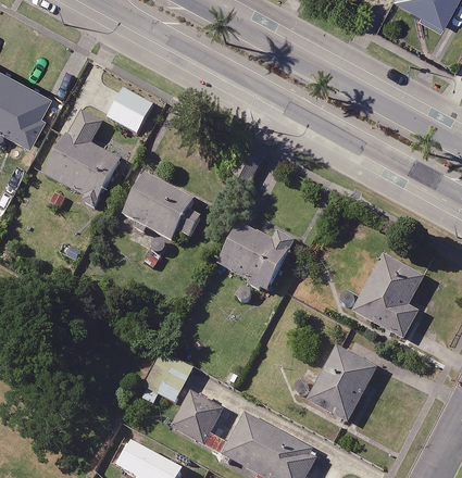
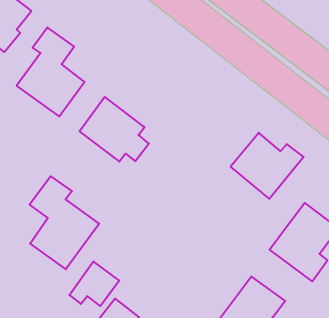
building: [107,88,153,134] -> none
building: [216,221,295,291] -> [231,133,304,199]
building: none -> [30,176,99,269]

